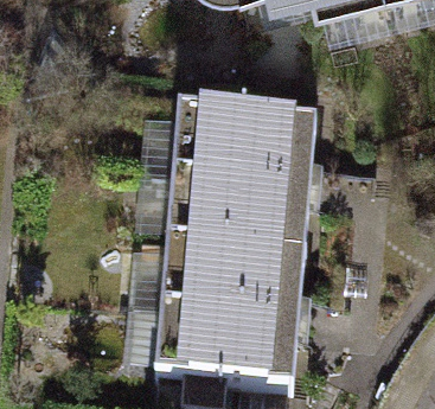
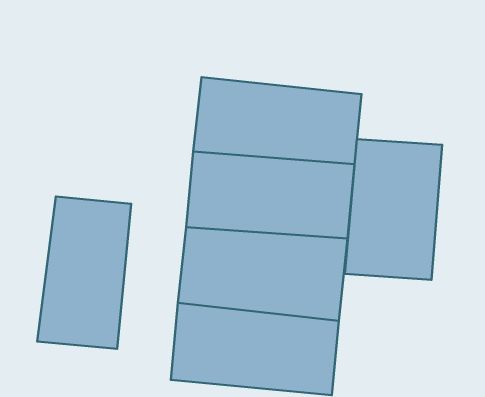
building: none -> [345,139,442,280]
building: none -> [37,196,131,349]

